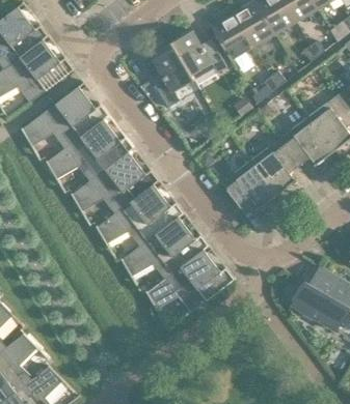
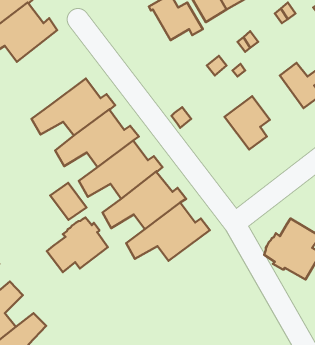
building: [151,48,192,108] -> none
building: [21,87,109,148] -> none
building: [278,117,332,166] -> none
building: [220,161,275,209] -> none
building: none -> [50,183,86,220]
building: none -> [47,218,108,272]

